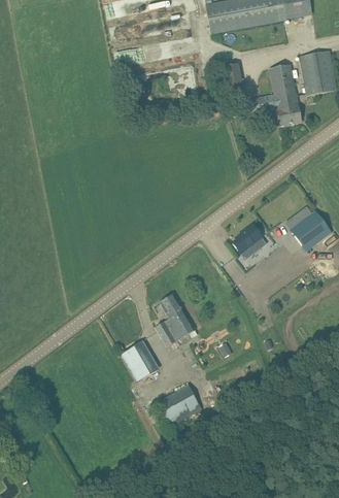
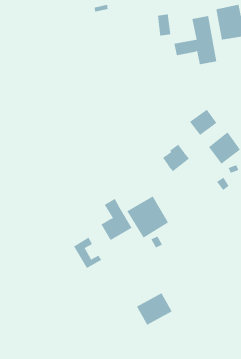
building: none -> [189,109,217,136]
building: none -> [127,196,169,239]
building: [156,385,201,426] -> [136,293,172,326]

